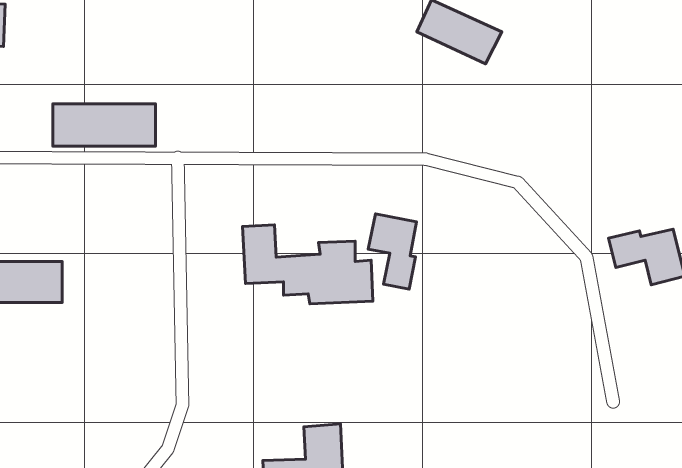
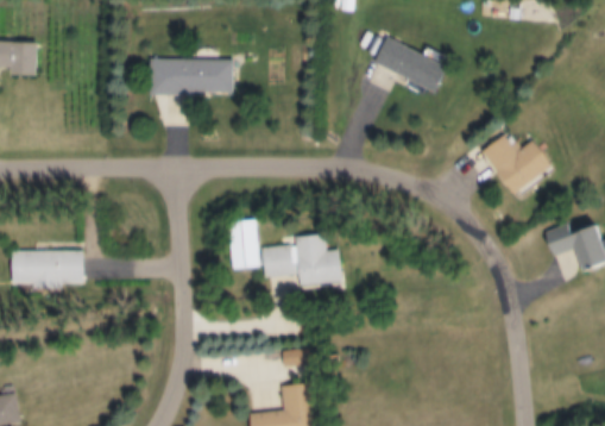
building: [53,104,155,146] -> [155,59,238,94]
building: none -> [472,133,537,193]
building: [368,214,416,289] -> none

